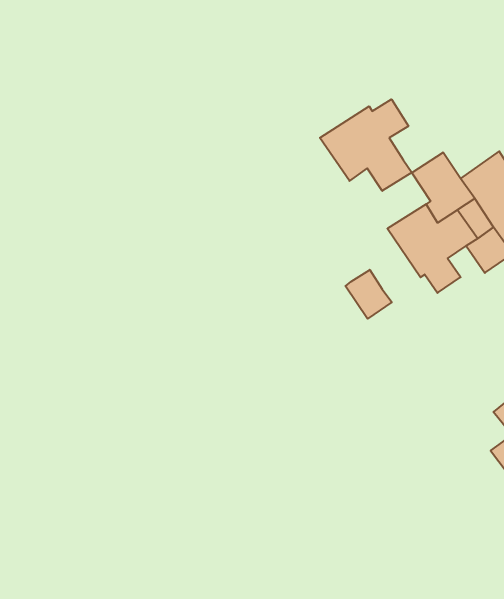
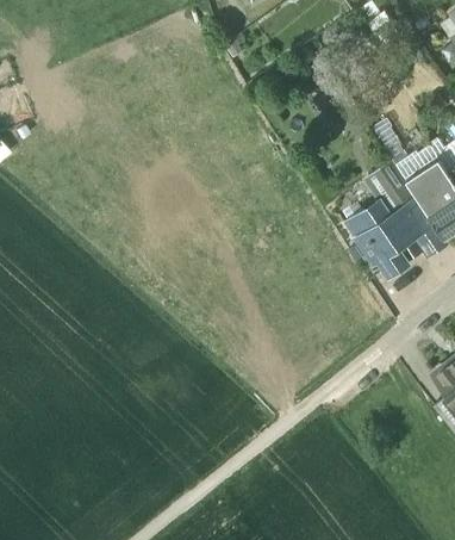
building: [320,99,412,191] -> none
building: [345,270,392,319] -> none

